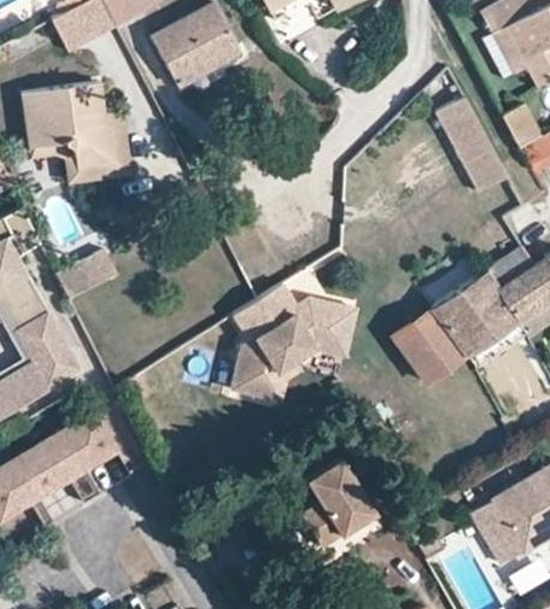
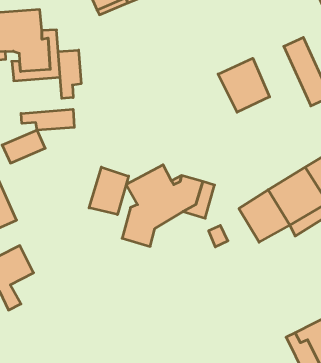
building: none -> [218,58,270,112]
building: none -> [58,50,81,98]
building: none -> [21,109,74,130]
building: none -> [89,167,129,215]
building: [300,458,375,545] -> none

